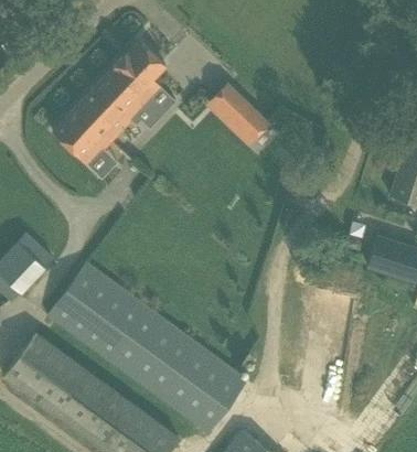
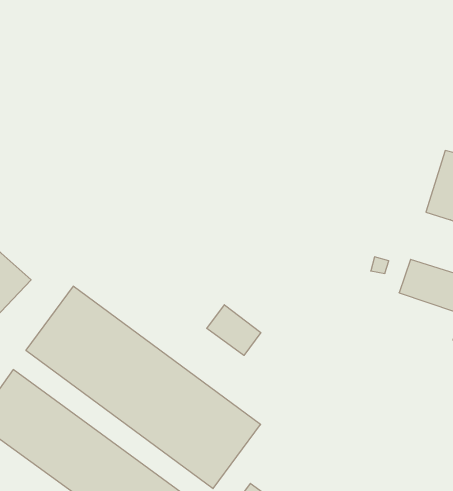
building: [53,42,167,165] -> none
building: [211,83,264,134] -> none
building: none -> [207,305,261,355]

